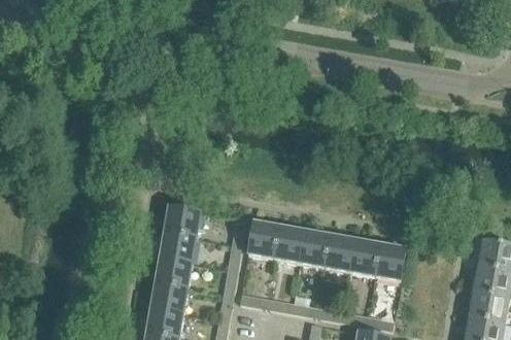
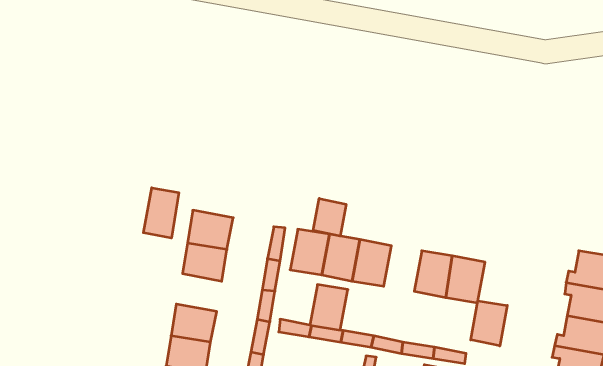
building: none -> [143,188,179,238]
building: none -> [313,198,346,236]
building: [327,232,357,269] -> [310,285,348,330]
building: [158,254,195,285] -> none
building: none -> [471,301,507,346]

